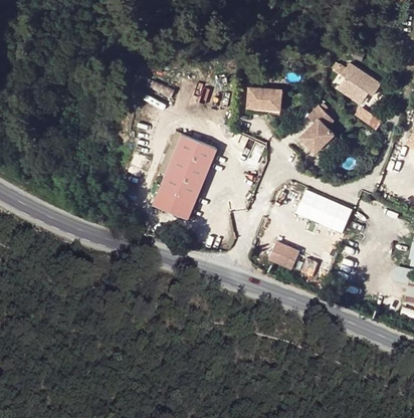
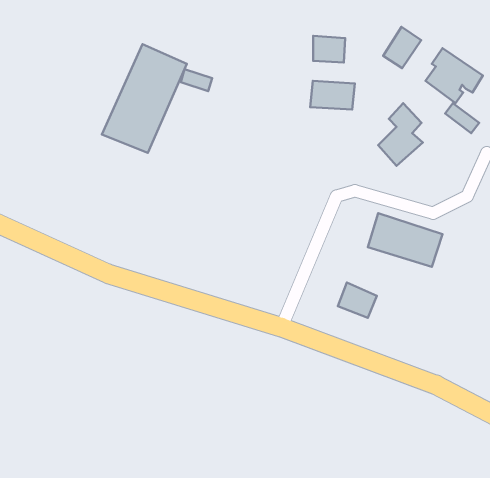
building: none -> [383,27,421,68]
building: none -> [313,36,345,63]
building: [154,134,219,217] -> [102,44,187,153]

